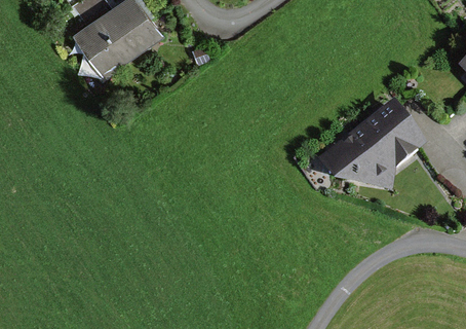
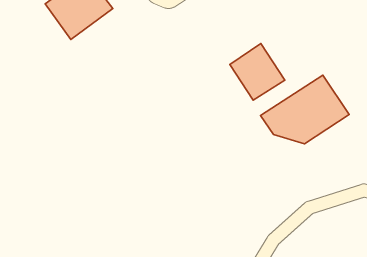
building: none -> [230,44,285,100]

